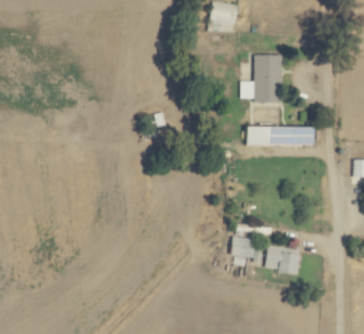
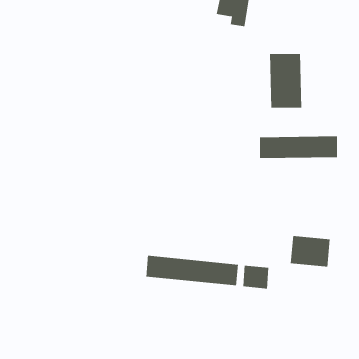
building: none -> [146,255,238,286]
building: [265,246,300,273] -> [290,236,331,267]

